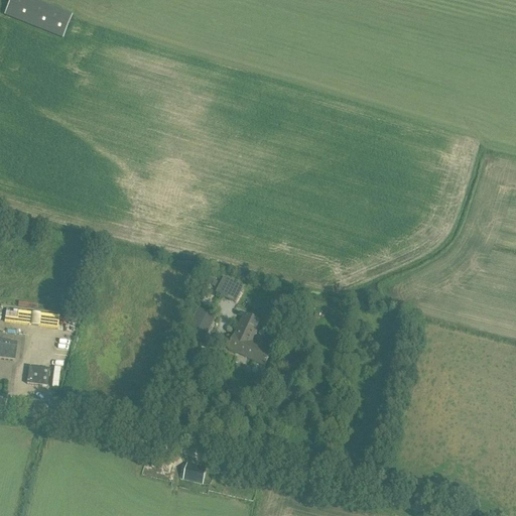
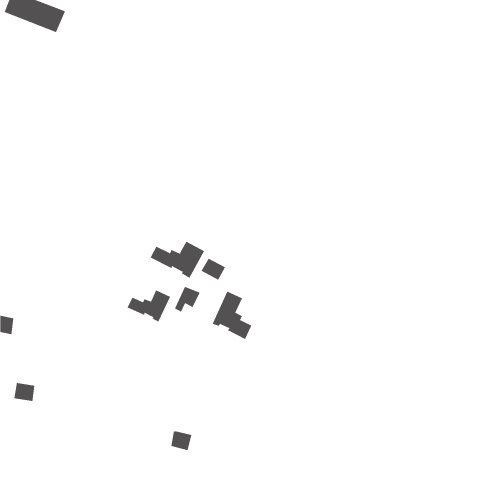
building: none -> [150,241,205,279]
building: none -> [127,290,171,322]
building: [25,364,48,384] -> [13,383,35,401]

